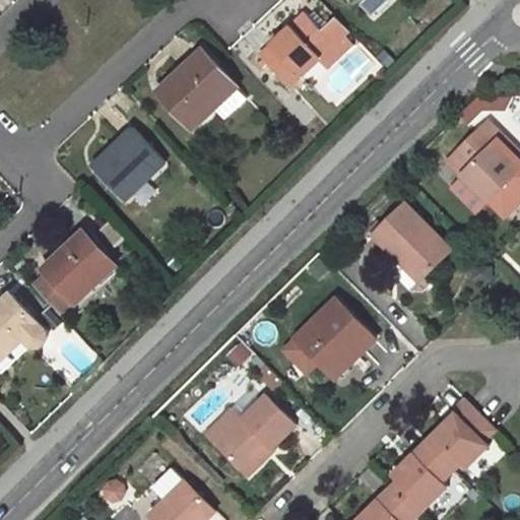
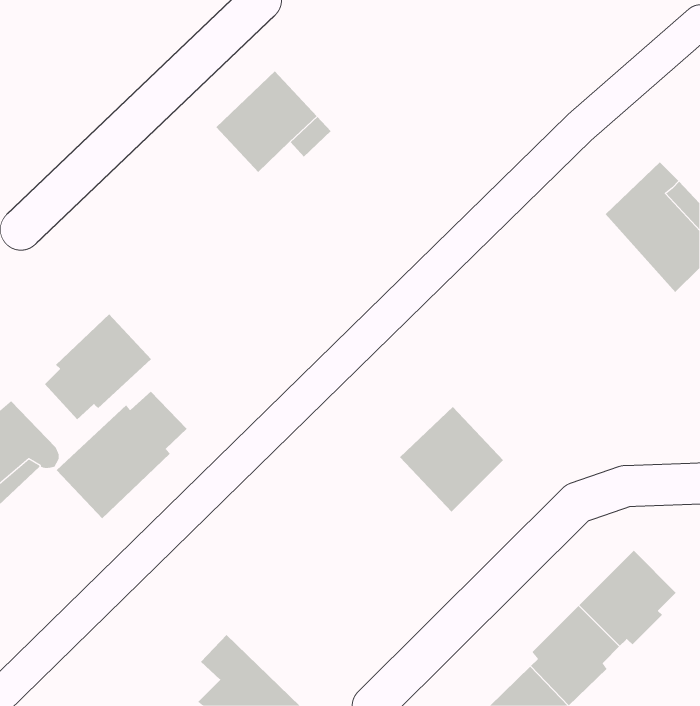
building: [257,11,350,85] -> none
building: [88,127,160,198] -> none
building: [373,203,452,289] -> none
building: none -> [56,391,187,519]
building: [210,395,291,472] -> none

